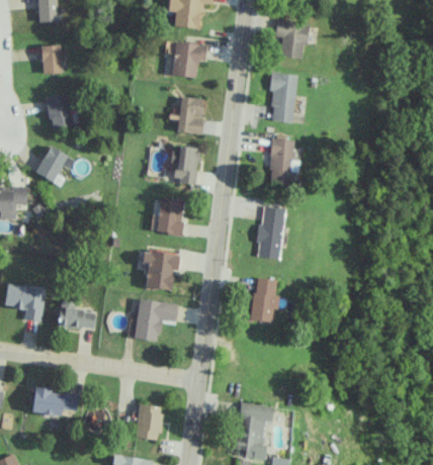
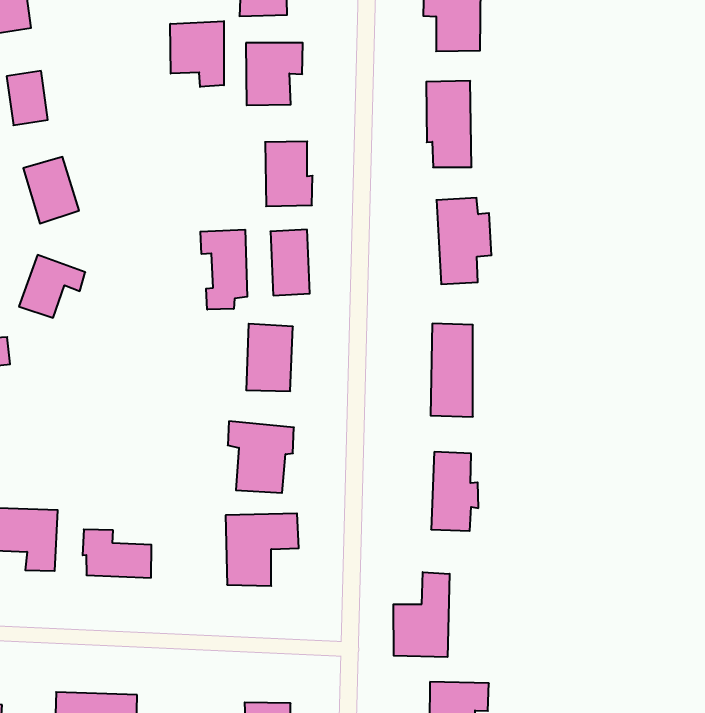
building: none -> [170,21,224,87]
building: none -> [200,230,247,310]
building: none -> [393,572,450,657]

